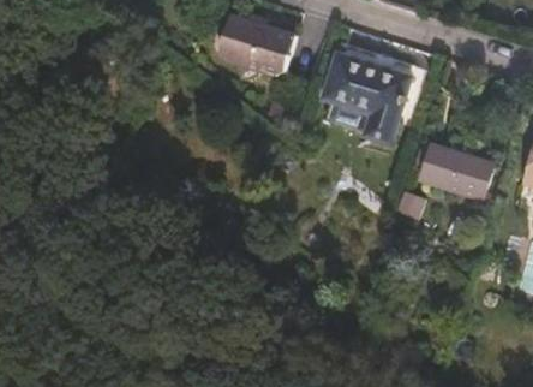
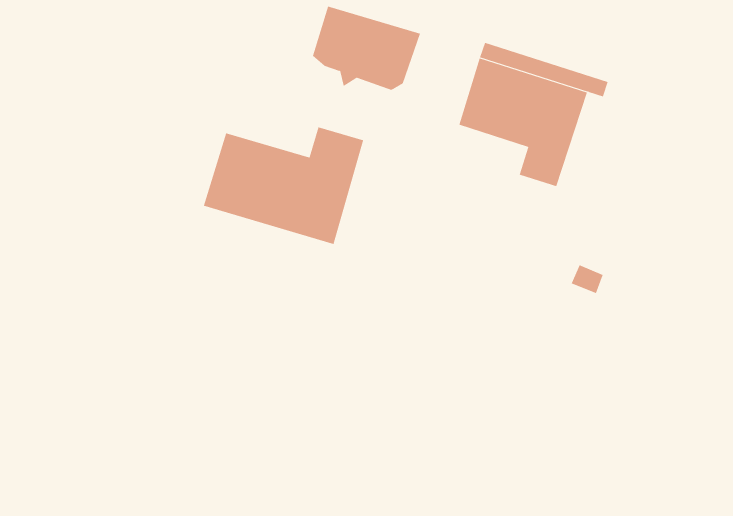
building: none -> [203,126,364,245]
building: [420,144,495,200] -> none

